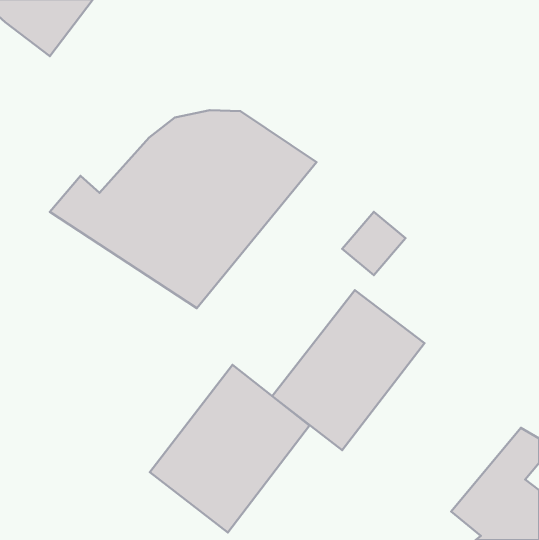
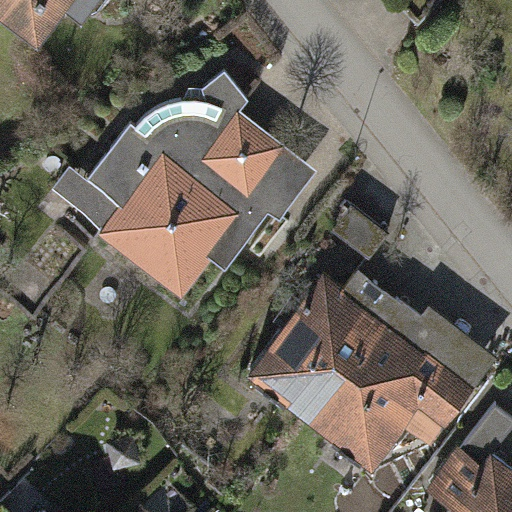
building: none -> [323,324,483,469]
building: [150,365,310,532] -> none

